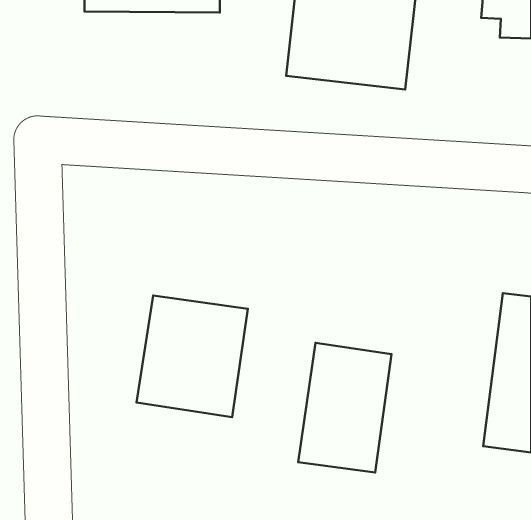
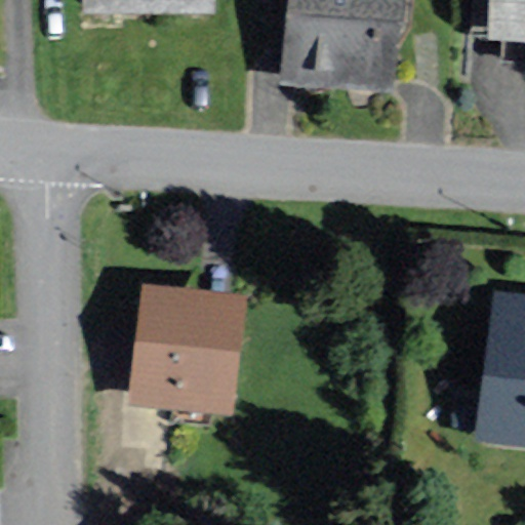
building: [298,343,391,472] -> none

